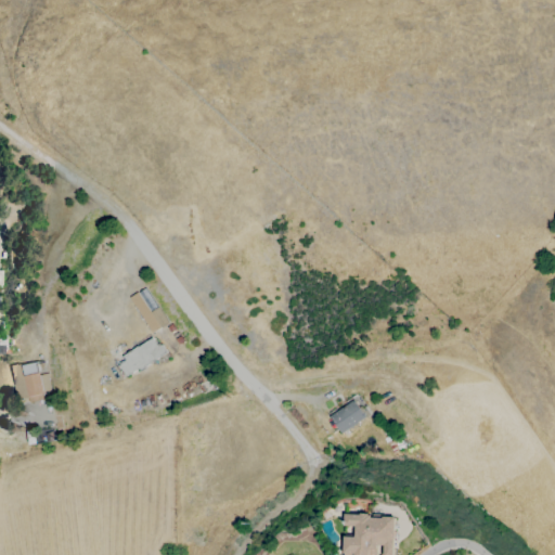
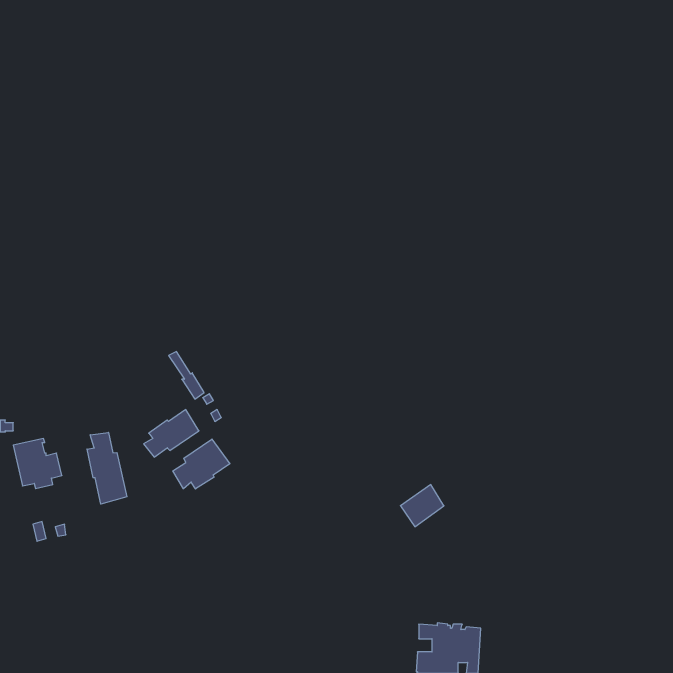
building: none -> [87,432,127,504]
building: none -> [173,439,230,489]

